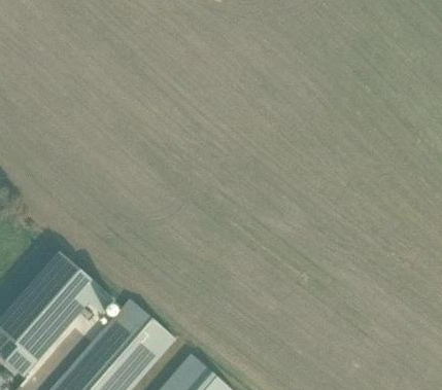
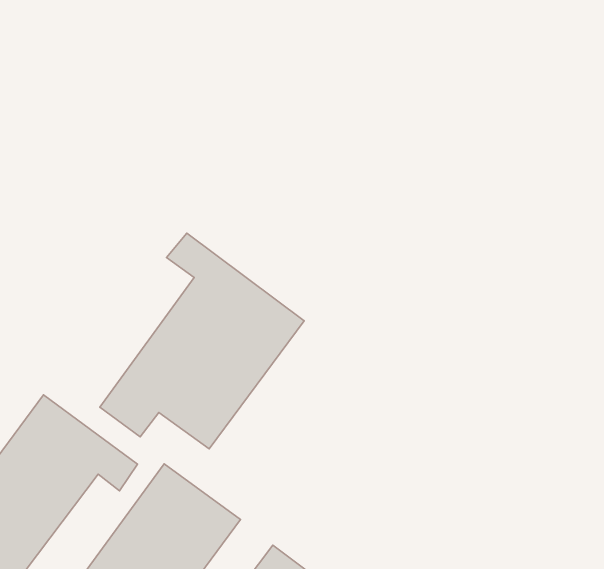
building: none -> [100,233,304,449]

